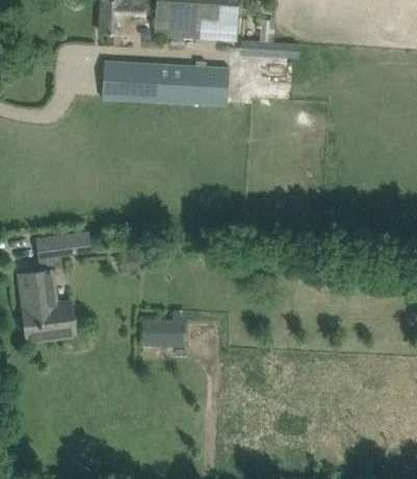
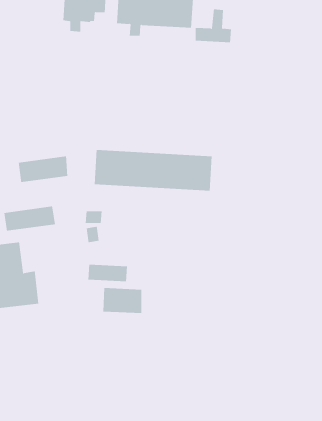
building: [101,60,228,105] -> [94,149,213,191]
building: none -> [18,156,68,183]
building: none -> [88,264,127,282]

